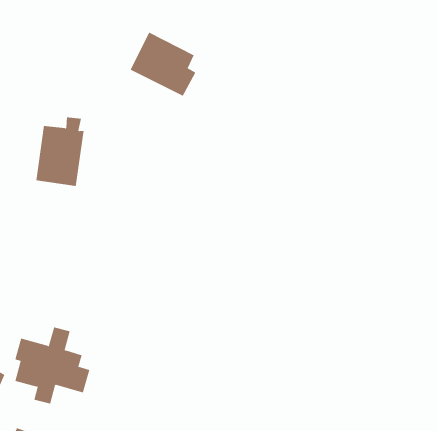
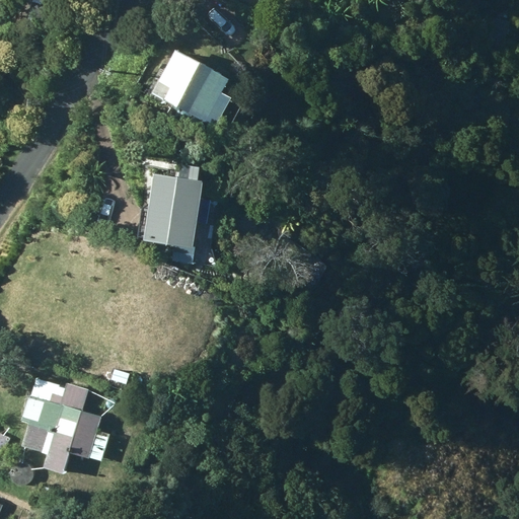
building: [35,117,84,187] -> [144,164,202,246]

